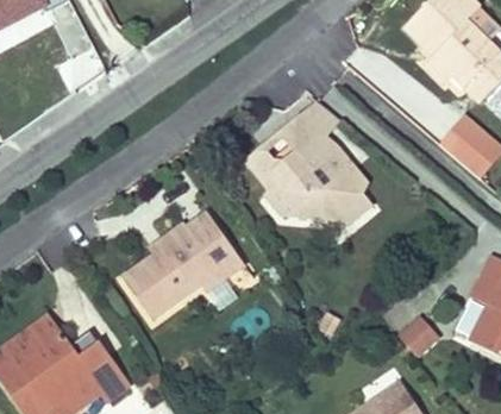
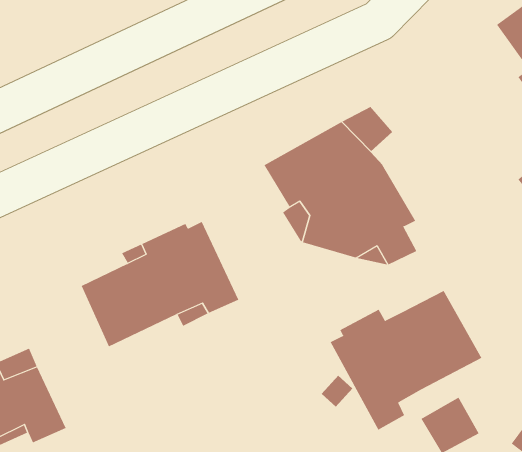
building: none -> [330,290,482,431]

